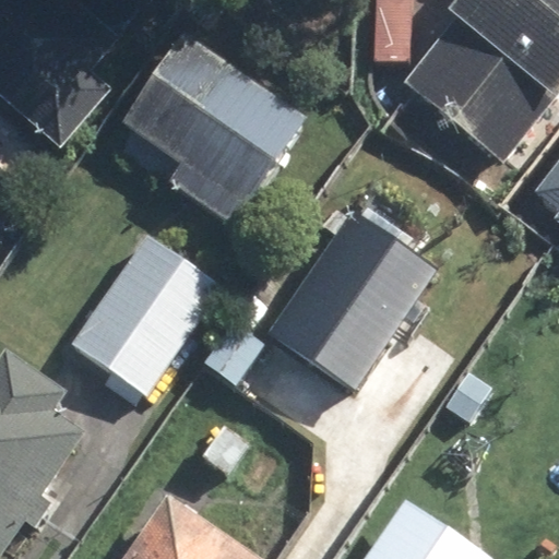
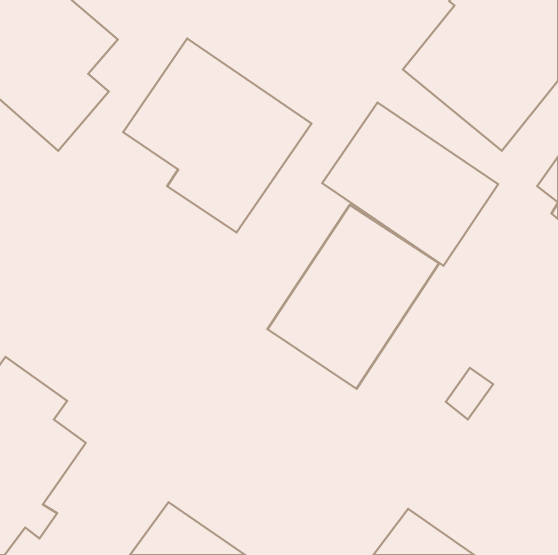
building: none -> [322,102,498,266]
building: [72,235,224,397] -> none

